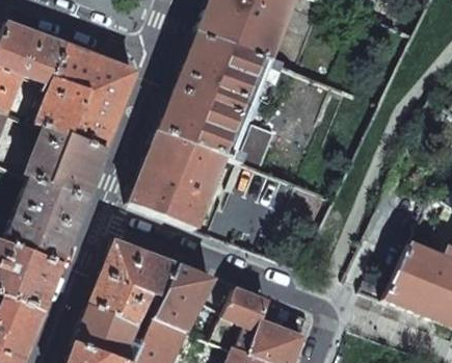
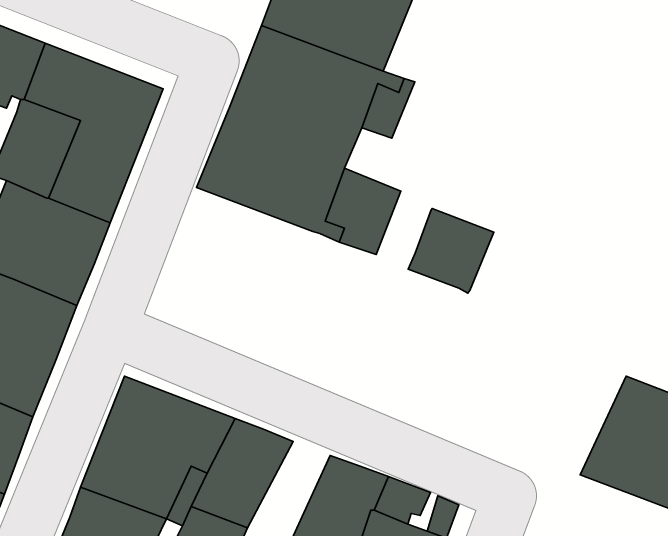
building: [130,130,225,229] -> none
building: none -> [408,209,494,293]

